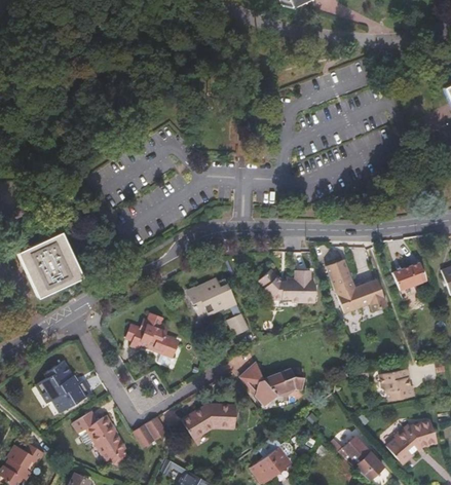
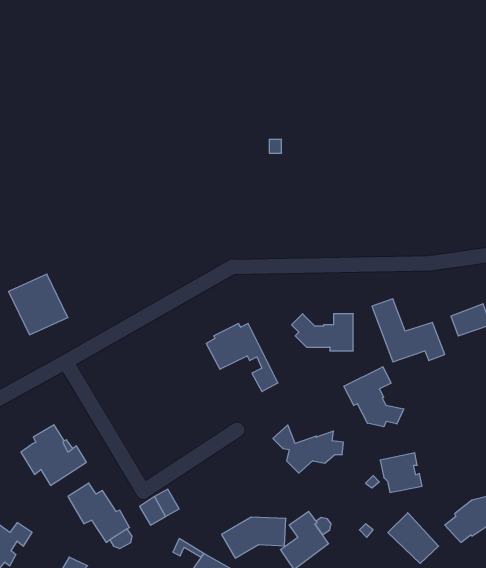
building: [125,313,177,364] -> none
building: none -> [344,367,404,427]
building: [378,368,413,401] -> [380,453,422,492]
building: [183,405,236,439] -> [222,517,286,558]

